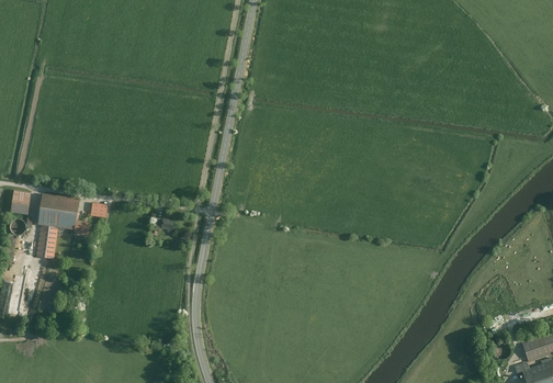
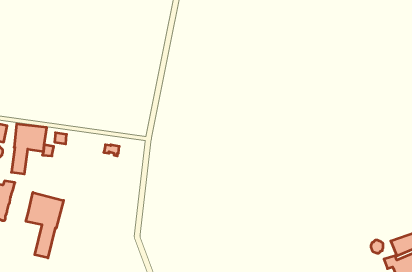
building: none -> [26,192,64,258]

